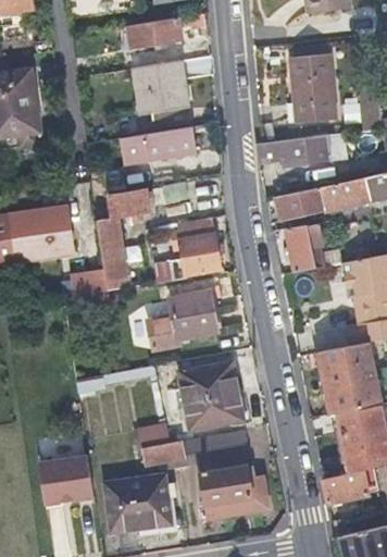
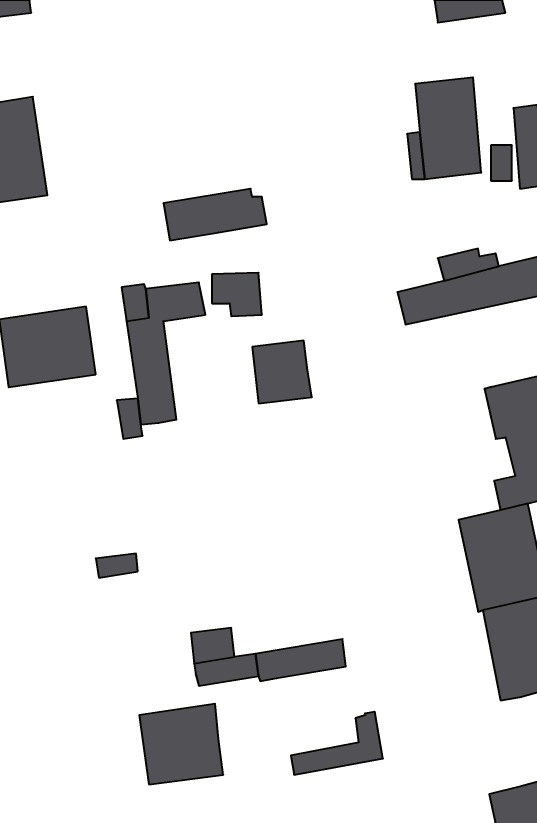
building: [122,15,204,50] -> none
building: [132,62,186,123] -> none
building: [252,132,344,165] -> none
building: [286,224,327,272] -> none
building: [138,290,216,350] -> none
building: [178,367,240,430] -> none
building: [198,450,257,510] -> none
building: [38,455,92,505] -> none
building: [321,471,366,504] -> none

